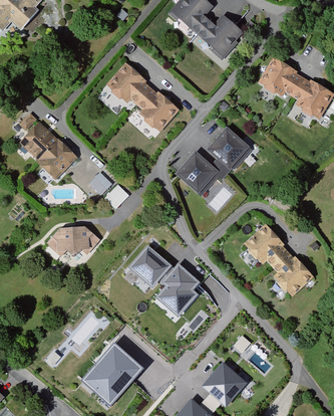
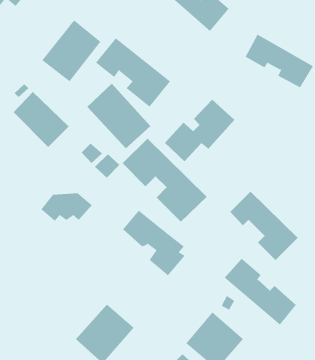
building: none -> [42,19,101,82]
building: none -> [87,83,151,149]
building: none -> [122,138,207,222]
building: none -> [224,258,296,325]

